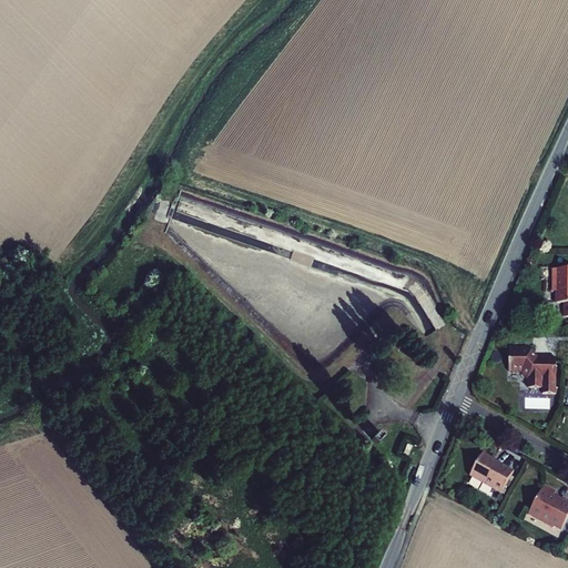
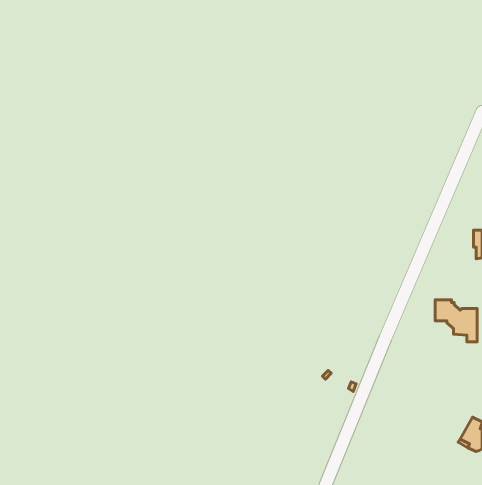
building: [474,450,516,490] -> none

